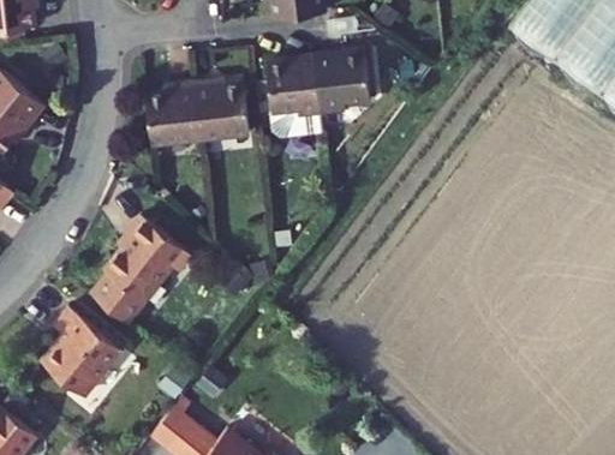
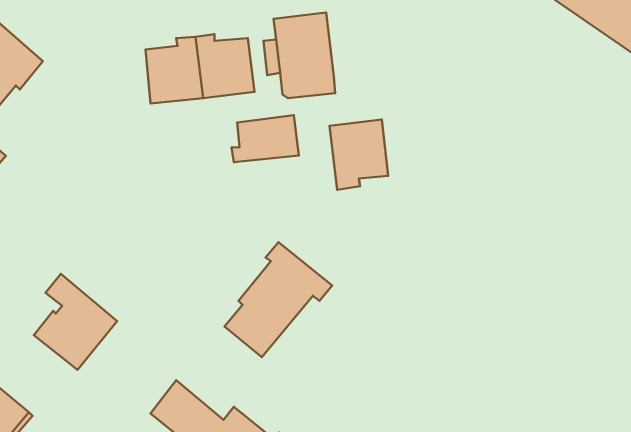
building: [315,53,370,119] -> [329,120,388,190]
building: none -> [231,115,299,162]
building: [92,214,193,322] -> [225,242,332,357]

